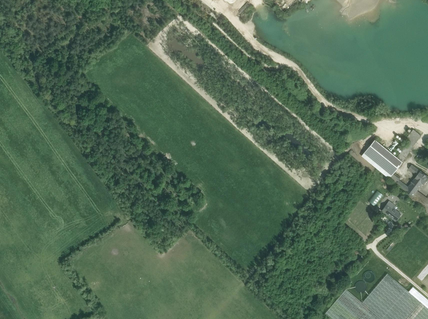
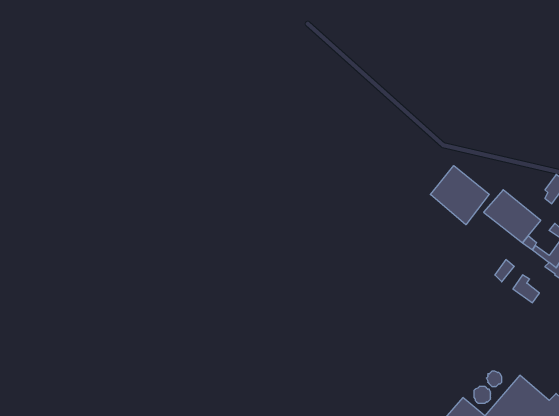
building: none -> [430,166,489,225]

